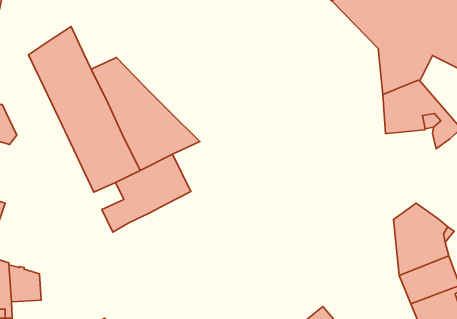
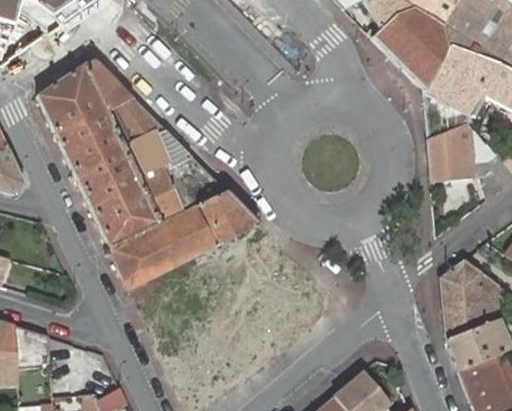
building: none -> [84,57,134,110]
building: none -> [196,190,259,245]

